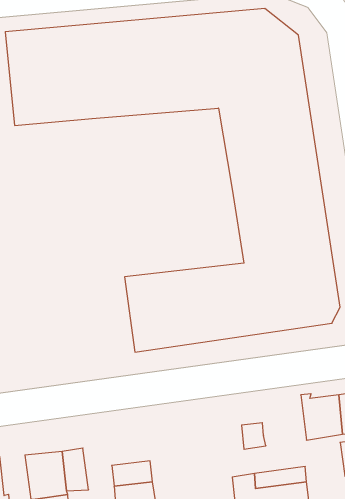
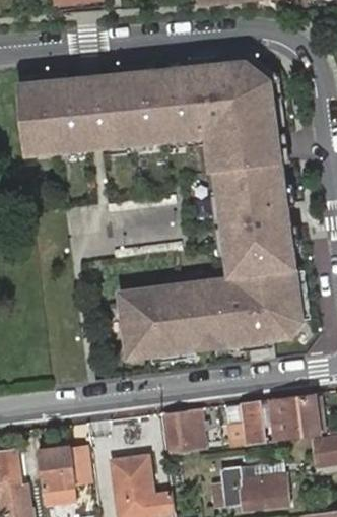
building: none -> [243,404,280,443]
building: none -> [163,410,205,451]

